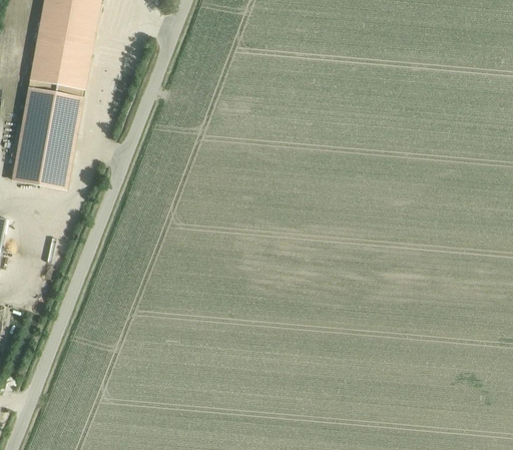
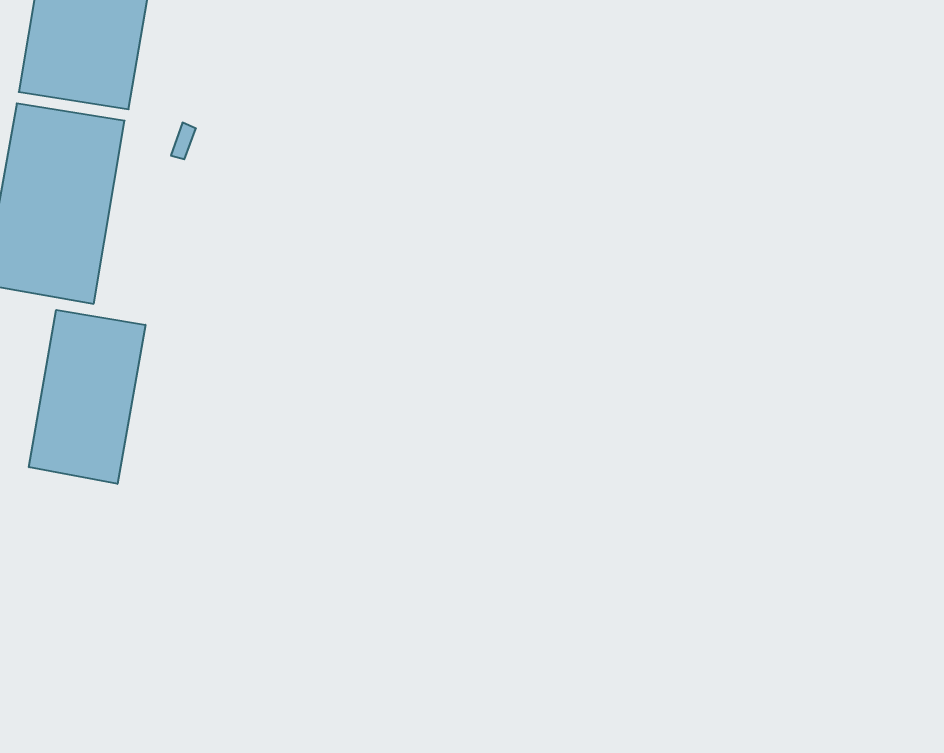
building: none -> [29,310,145,484]

